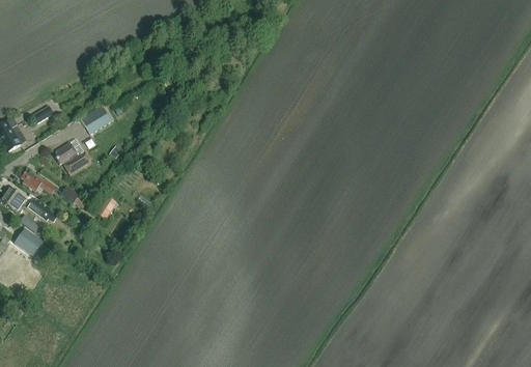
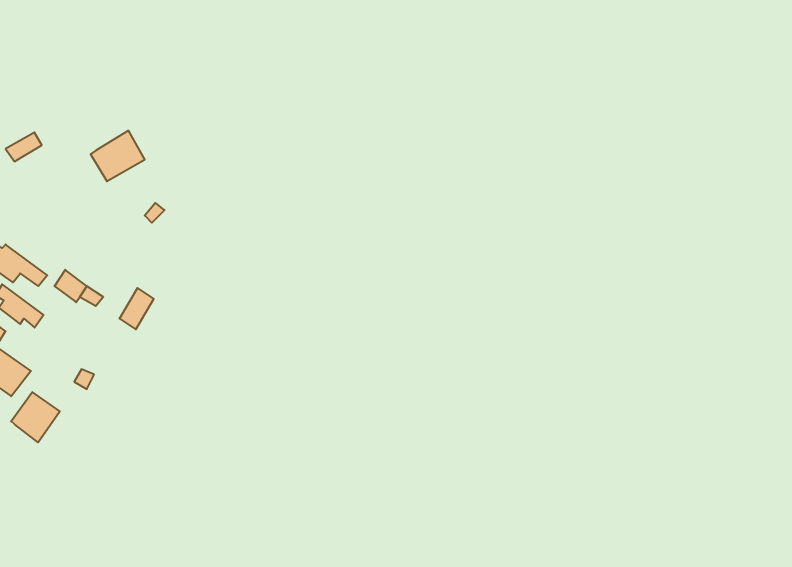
building: [53,139,90,175] -> none
building: none -> [11,392,60,442]

